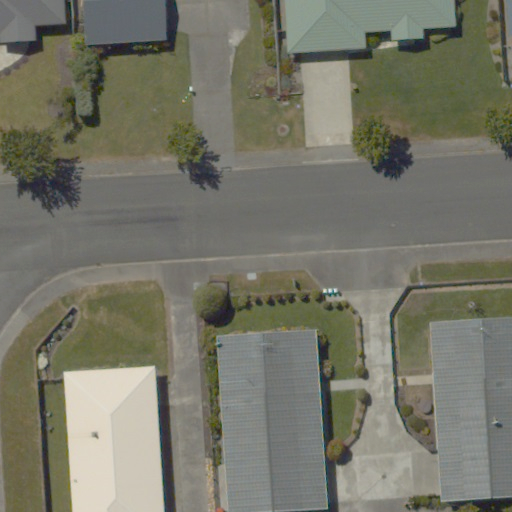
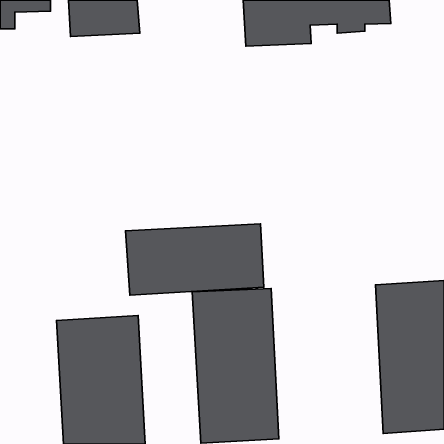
building: none -> [125,224,264,295]

